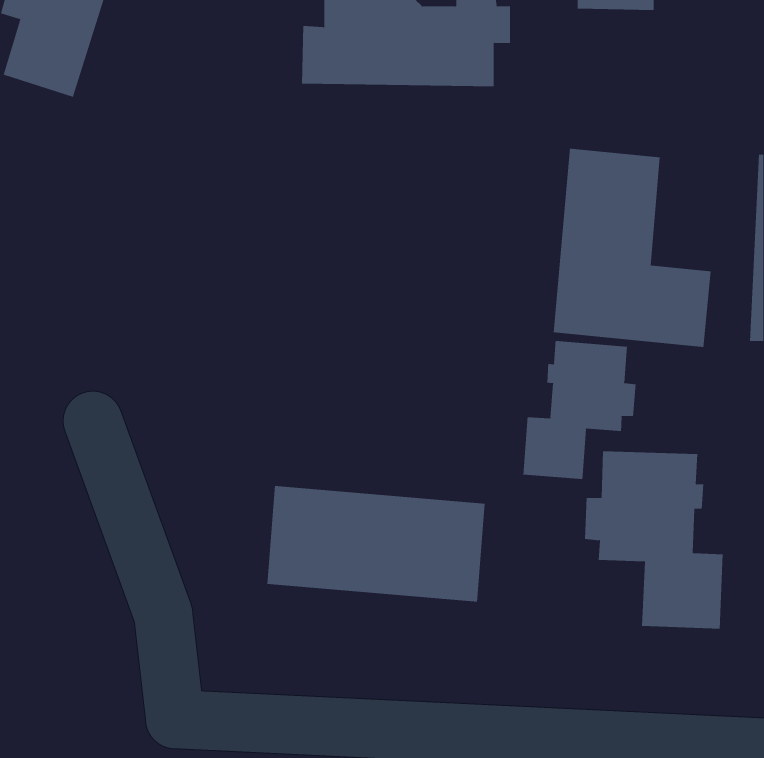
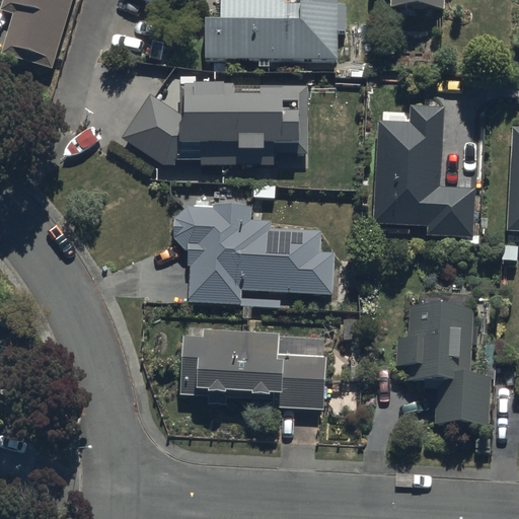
building: none -> [121,85,307,166]
building: none -> [170,203,333,301]
building: [523,340,636,480] -> none

